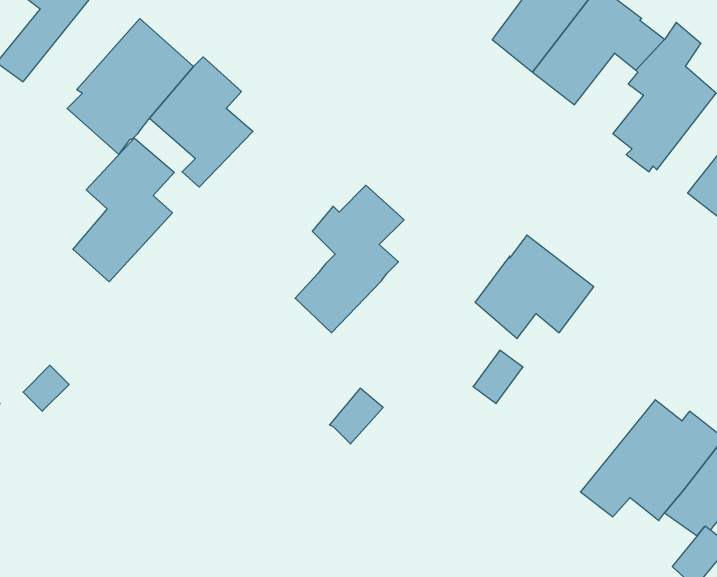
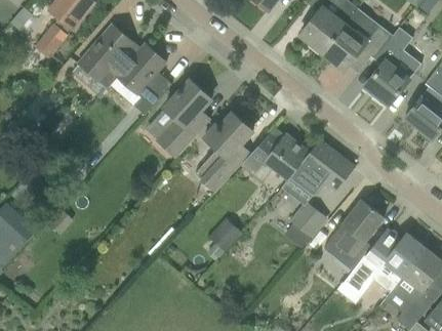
building: [73,138,174,282] -> [157,80,211,157]
building: none -> [244,133,310,181]
building: none -> [323,199,385,271]

